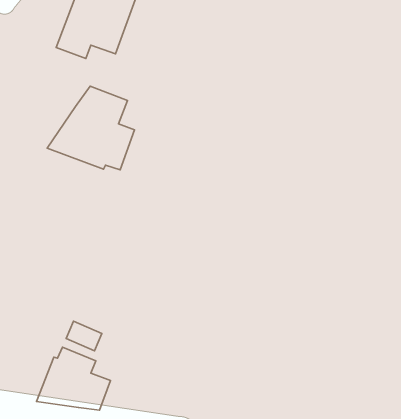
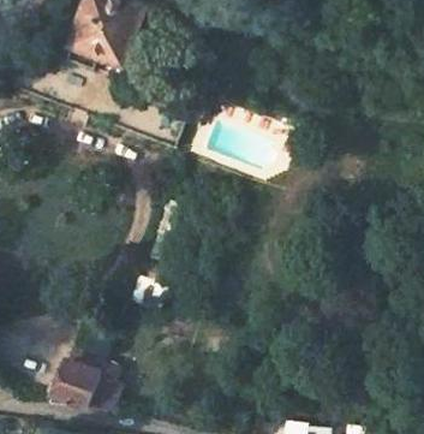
building: [47,86,134,170] -> none

